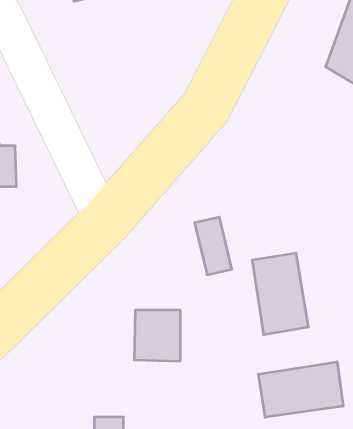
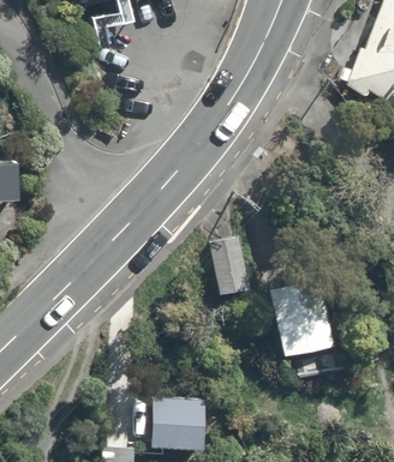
building: [134,310,180,361] -> [153,397,202,451]
building: [258,362,343,417] -> none

